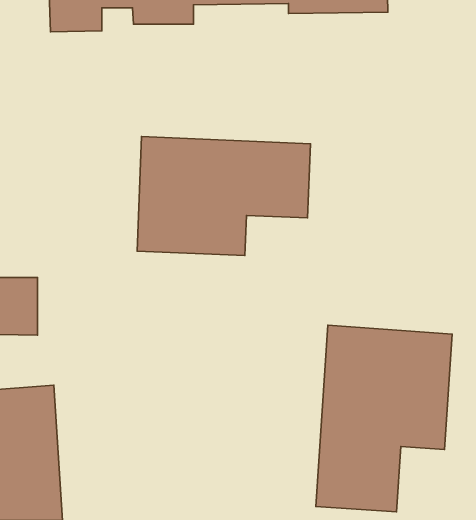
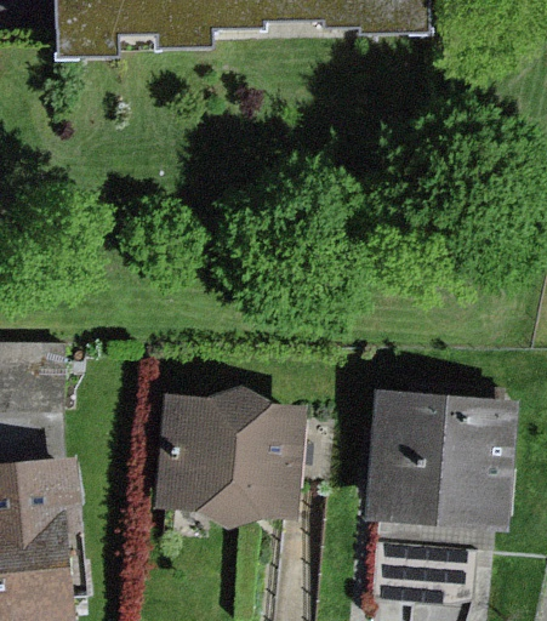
building: [137,137,310,256] -> none
building: none -> [155,394,303,520]

